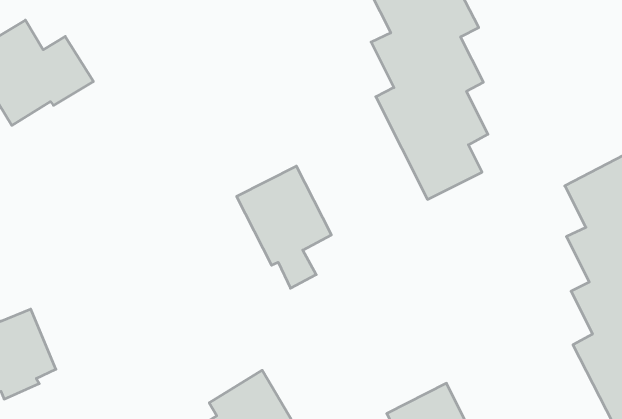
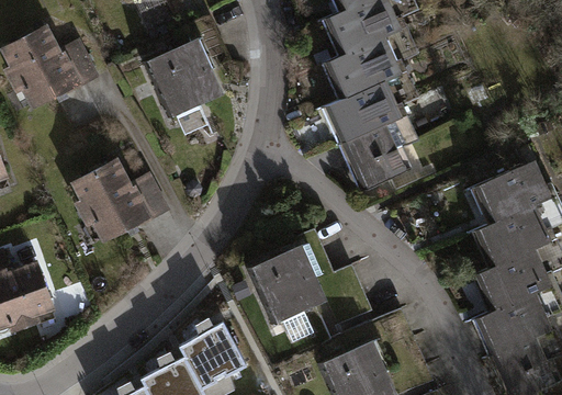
building: none -> [145,36,223,117]
building: [237,166,331,288] -> [250,242,326,342]
building: none -> [67,156,168,241]

